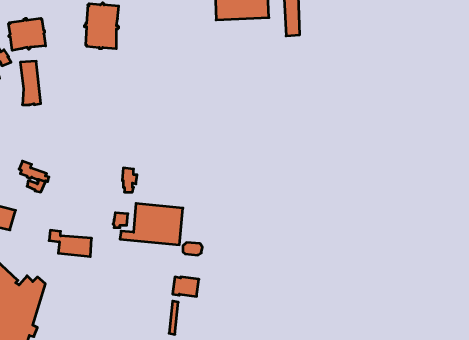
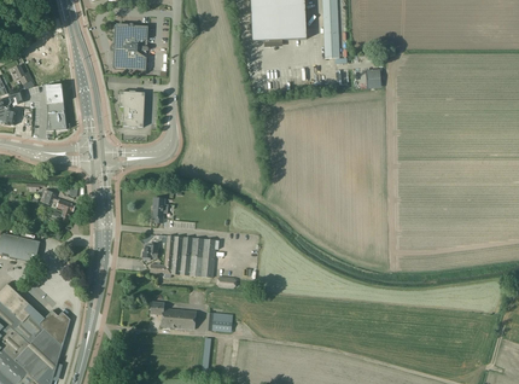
building: [9,18,46,50] -> none
building: none -> [119,89,145,126]
building: [49,230,92,257] -> [151,301,196,328]

